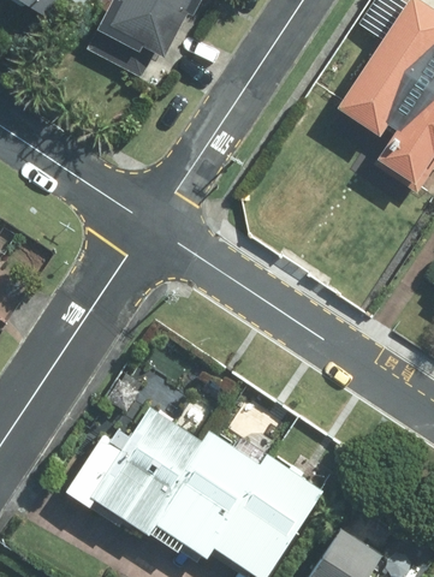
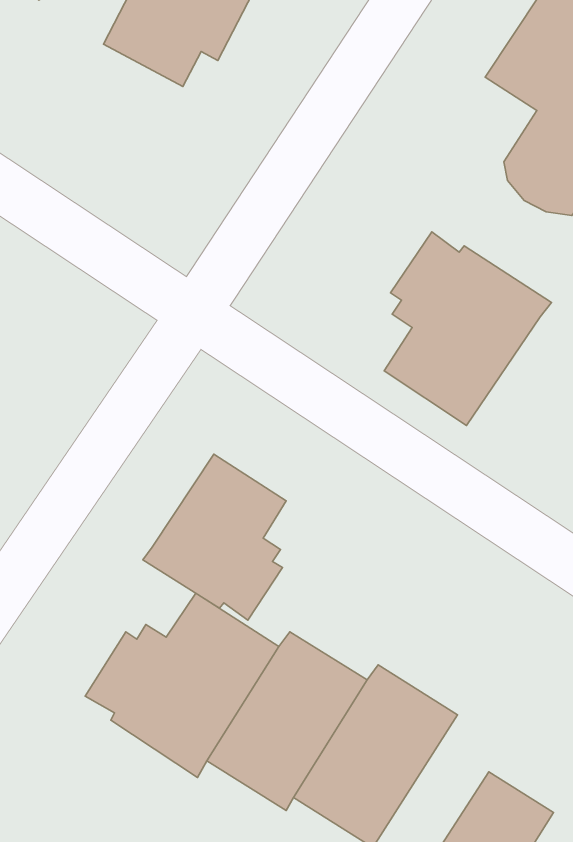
building: none -> [384,232,551,425]
building: none -> [143,454,286,620]

